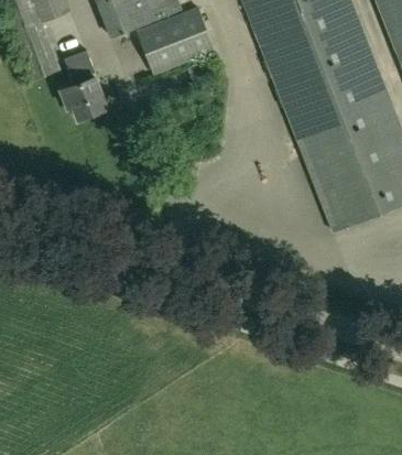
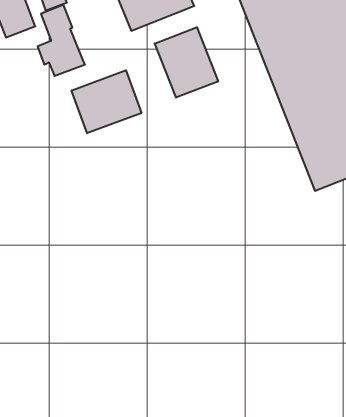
building: none -> [155,27,218,98]
building: none -> [72,70,141,133]

